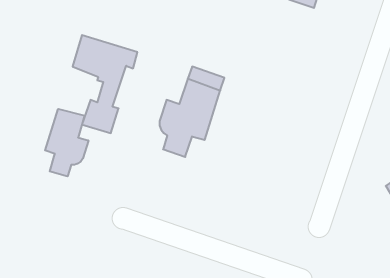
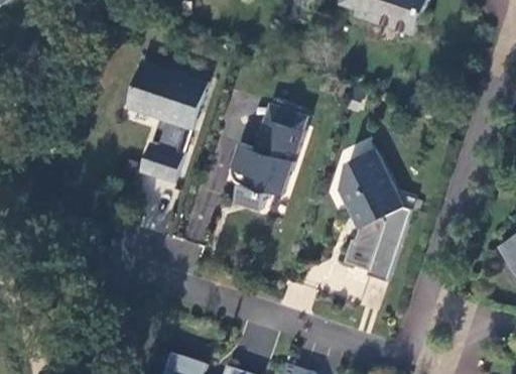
building: none -> [340,149,412,281]
building: [45,109,88,176] -> none

